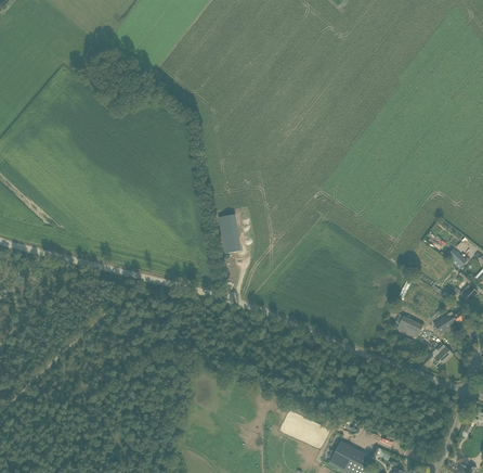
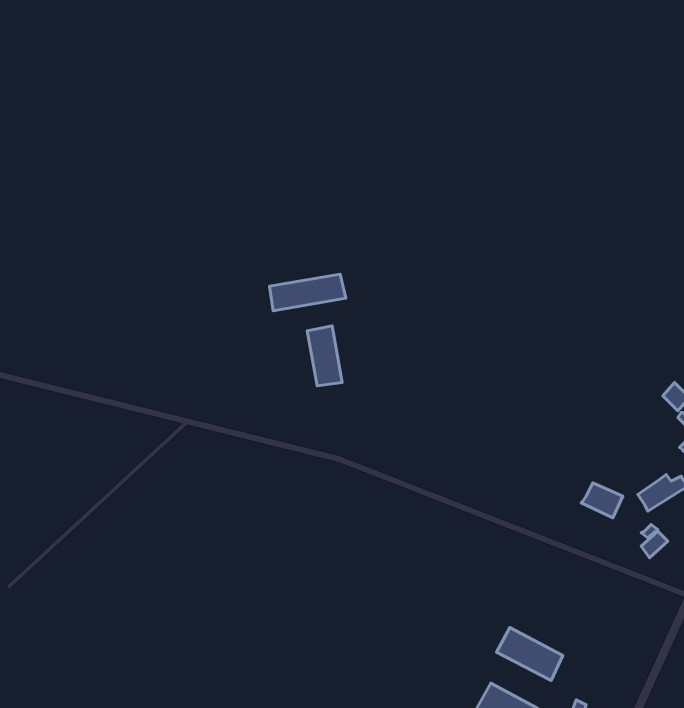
building: none -> [270,274,346,311]
building: none -> [497,628,563,680]

